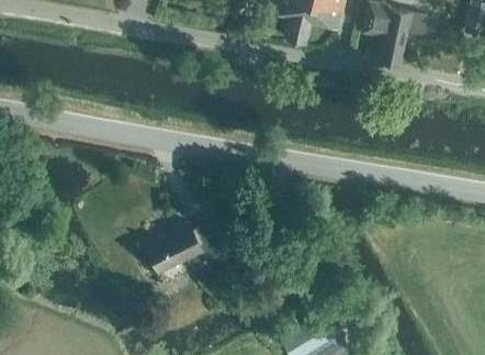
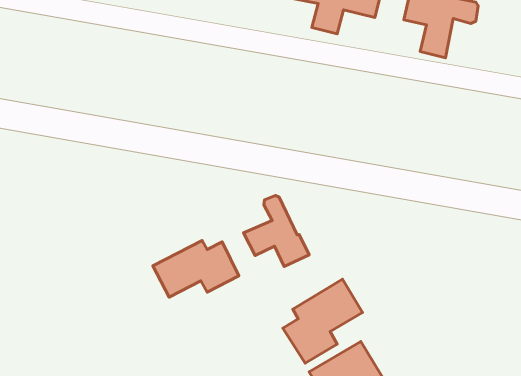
building: none -> [244,195,309,267]
building: none -> [283,279,362,363]

